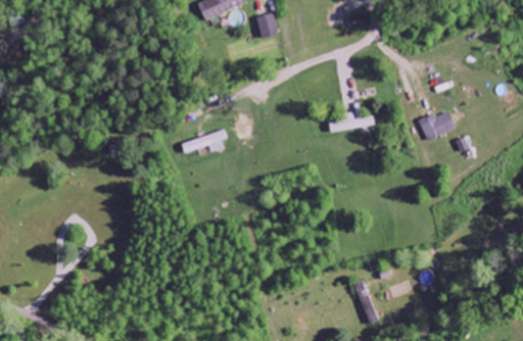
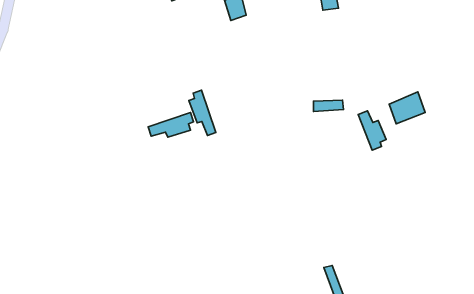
building: none -> [189,90,216,136]
building: none -> [358,111,386,150]

